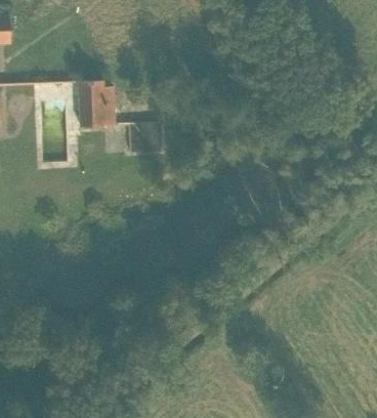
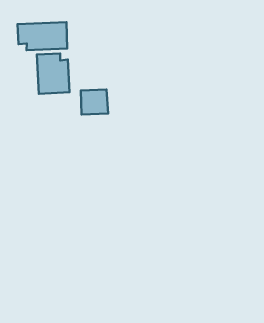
building: none -> [17,22,67,50]

